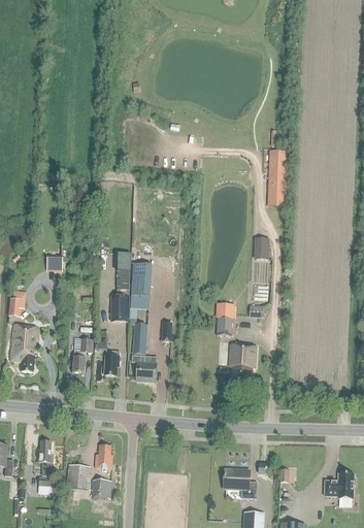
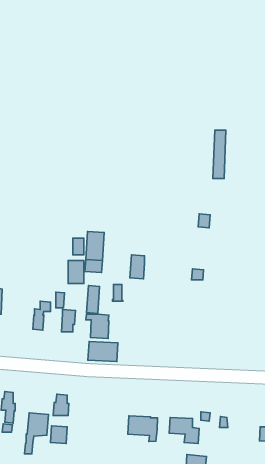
building: [214,308,231,335] -> [130,255,145,279]
building: [228,343,255,381] -> none
building: none -> [88,341,118,362]
building: none -> [128,416,157,441]

